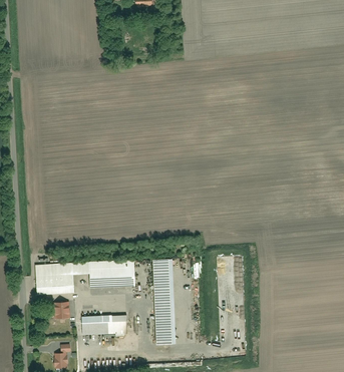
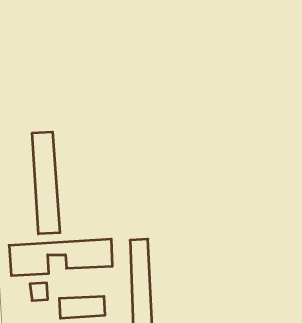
building: none -> [32,132,60,234]

